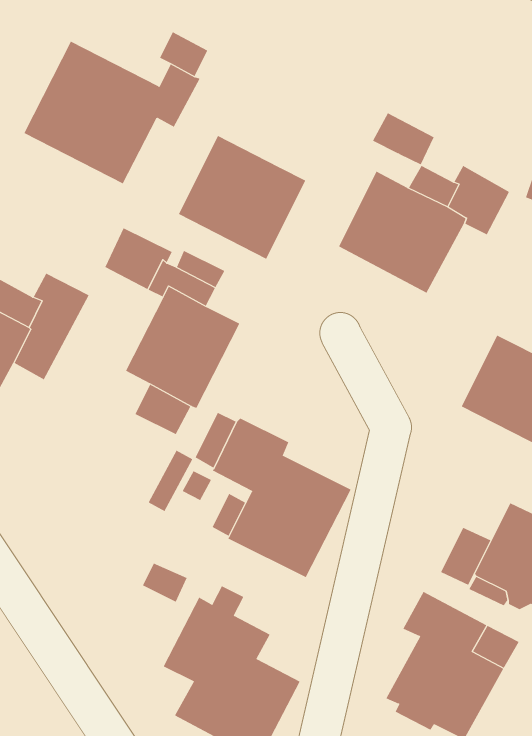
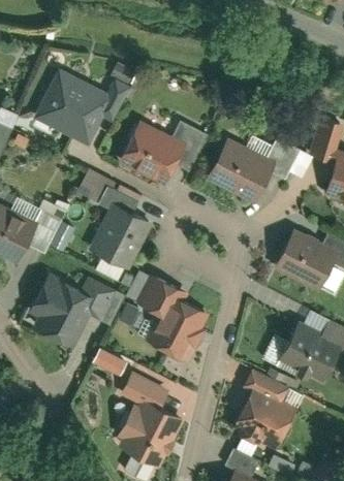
building: [372,113,434,165] -> [174,121,208,150]
building: none -> [27,275,115,348]

